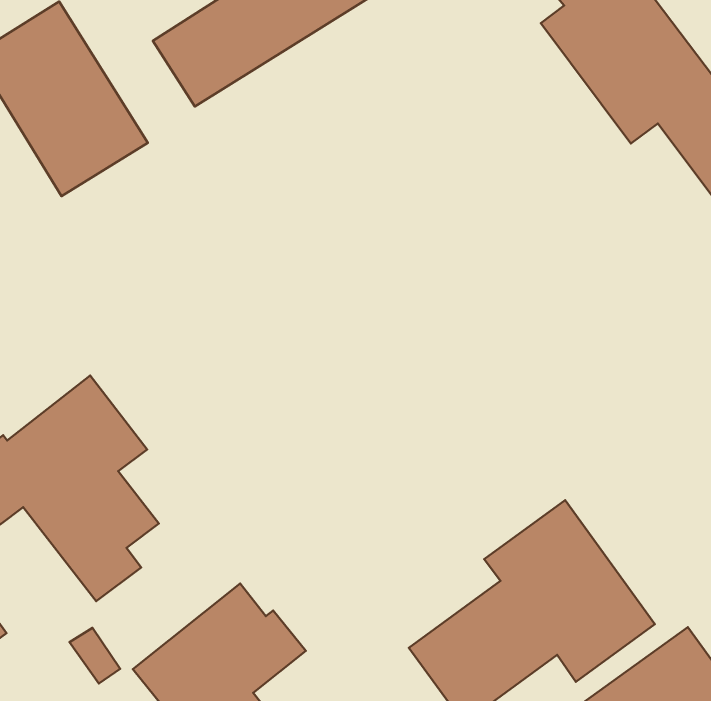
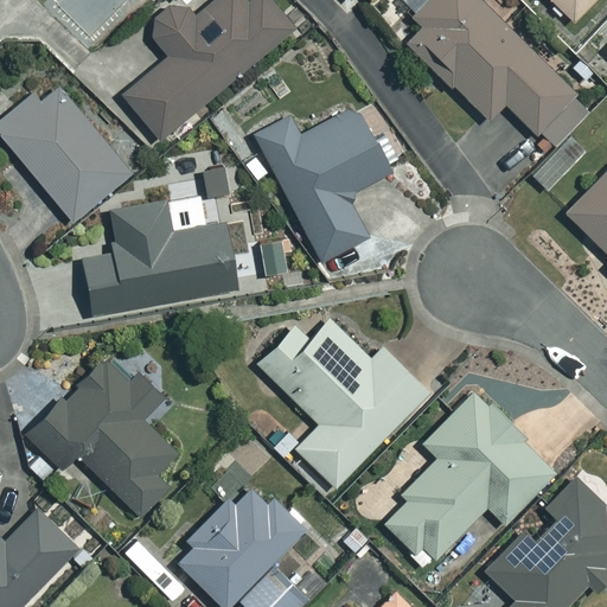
building: none -> [256,108,389,262]
building: none -> [81,194,234,315]
building: none -> [257,318,429,487]

